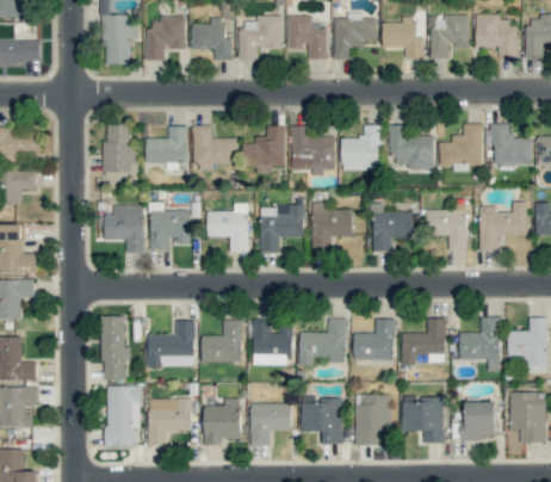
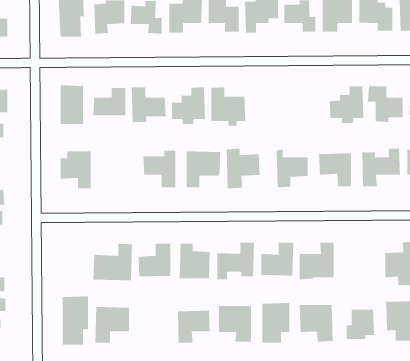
building: [341,125,380,171] -> none
building: [390,125,433,169] -> none
building: [149,210,190,251] -> none
building: [100,316,130,381] -> none
building: [458,317,501,372] -> none
building: [203,398,241,445] -> none

